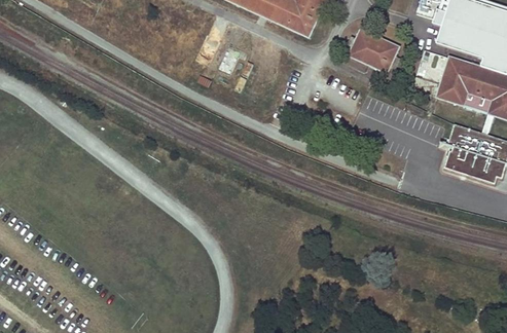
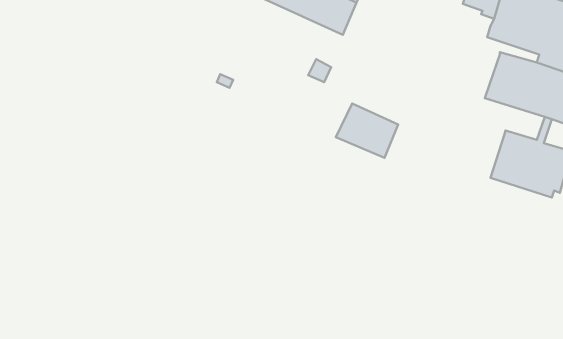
building: [345,28,400,76] -> [336,104,398,158]

